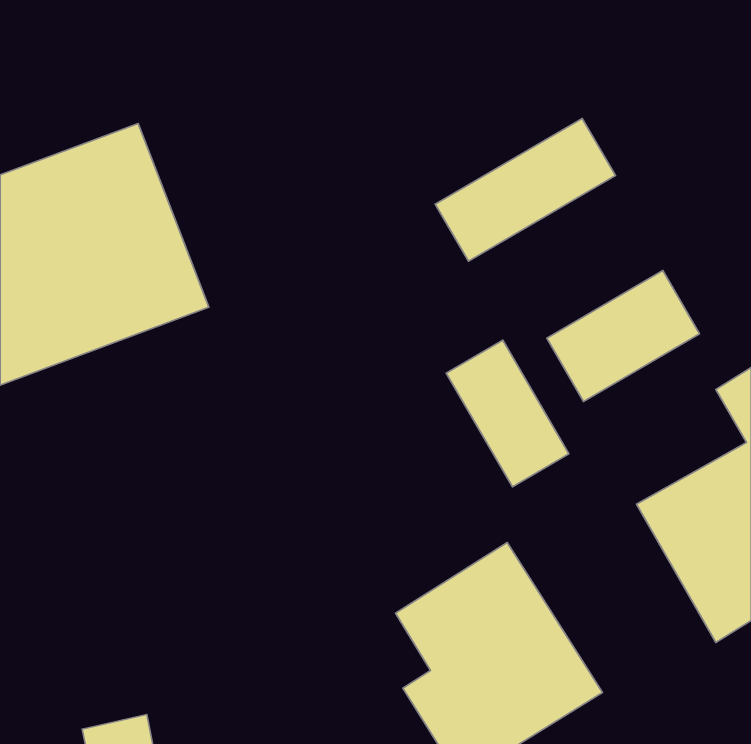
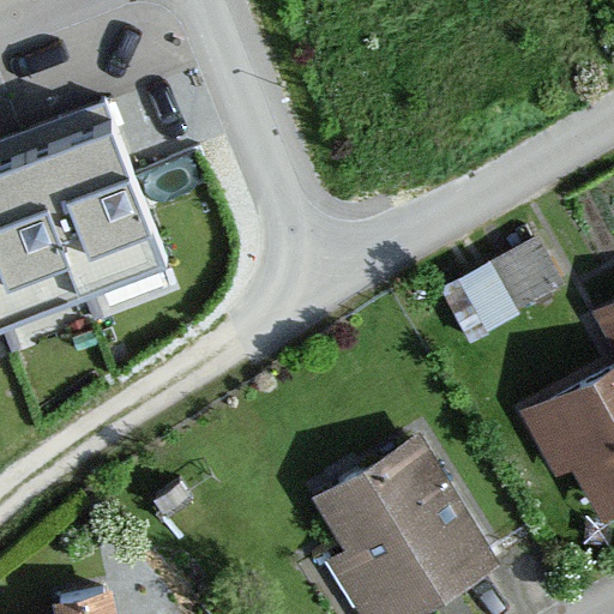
building: [435,118,616,261] -> none
building: [446,340,569,487] -> none

